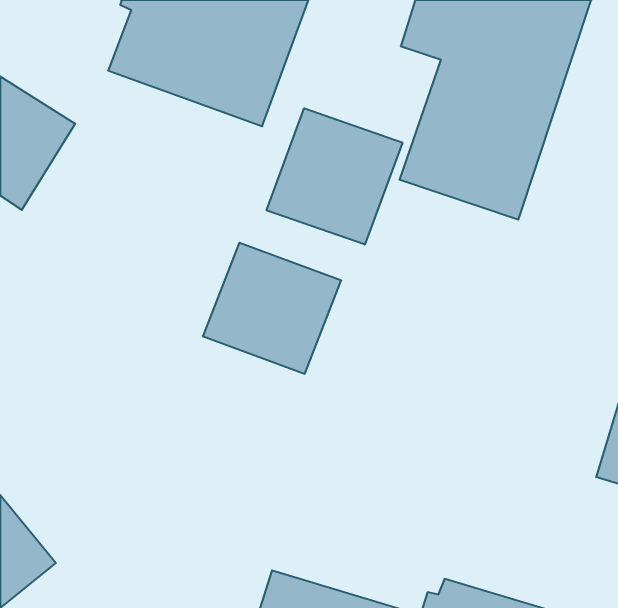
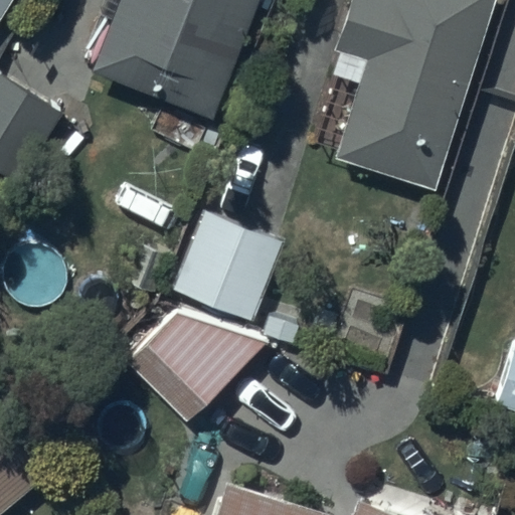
building: [267,108,402,245] -> none
building: none -> [127,311,267,421]

